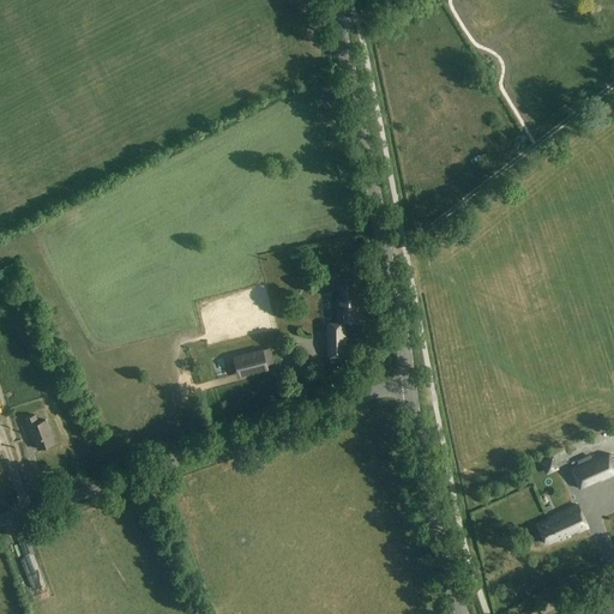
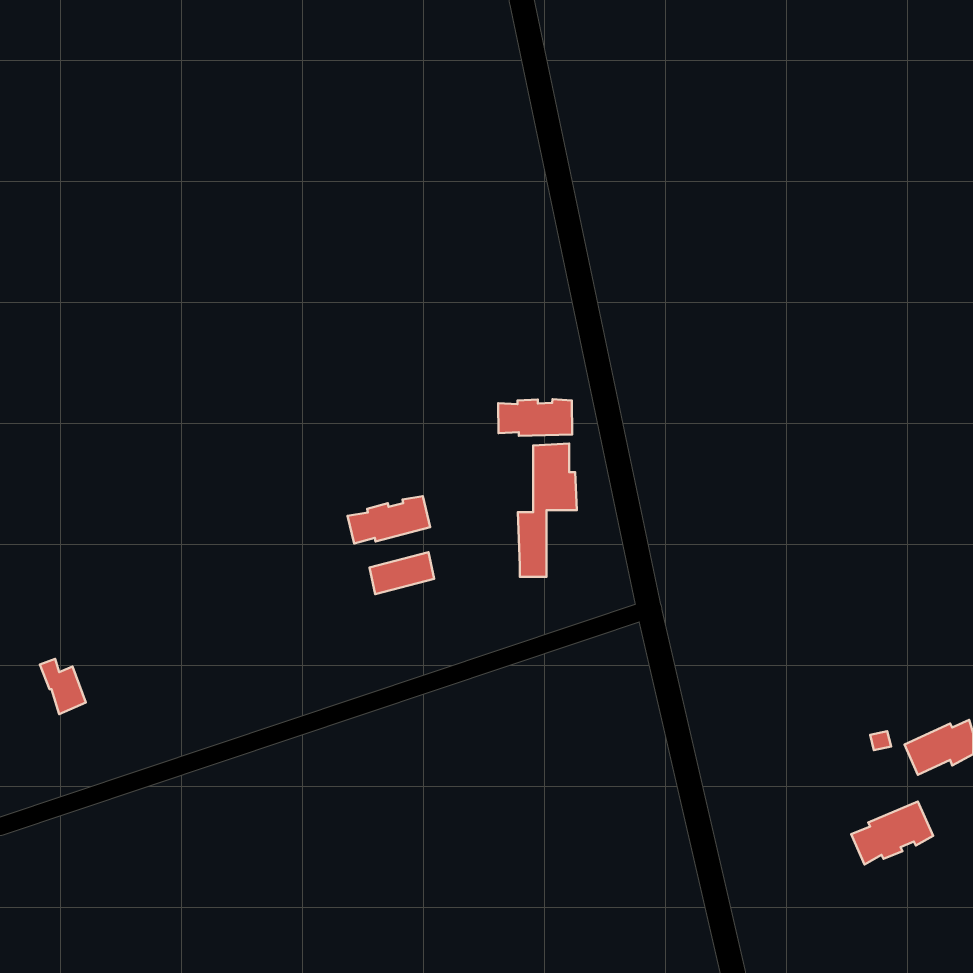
building: none -> [498,399,572,436]
building: none -> [347,496,430,543]

